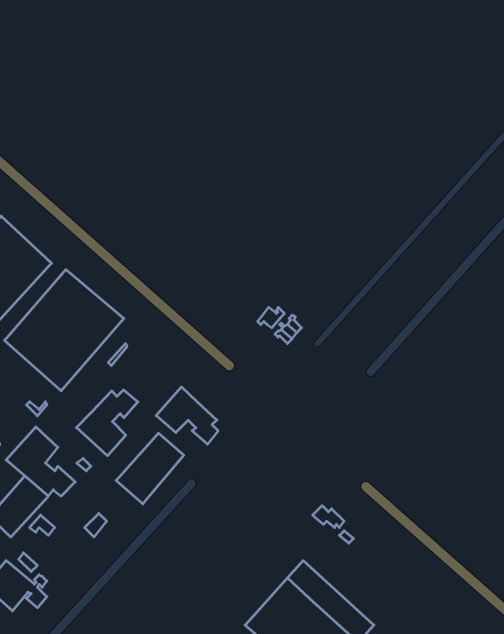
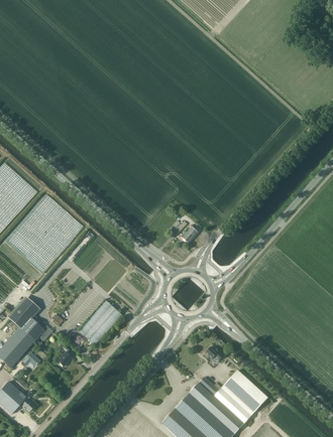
building: [156,387,218,444] -> none
building: [76,390,138,456] -> none
building: none -> [198,371,265,423]

